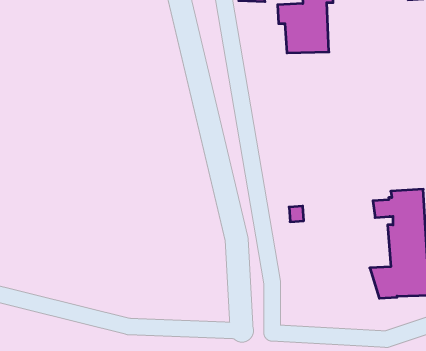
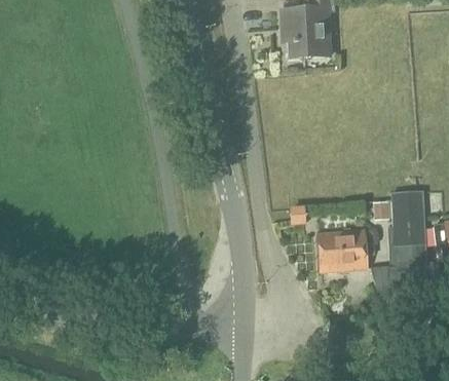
building: none -> [317,228,372,272]

